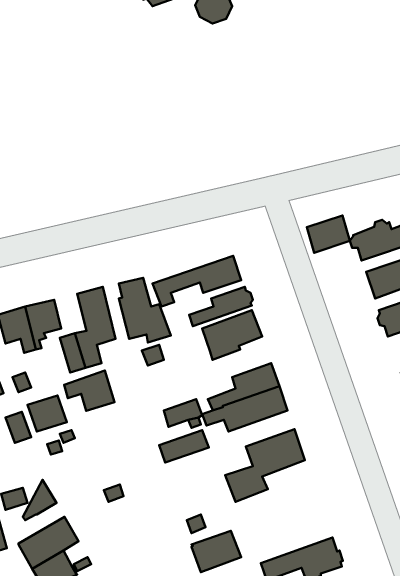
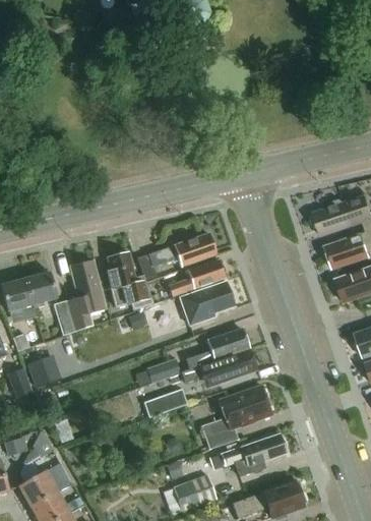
building: [307,215,350,253] -> none
building: [64,371,114,411] -> none
building: none -> [207,433,286,475]

